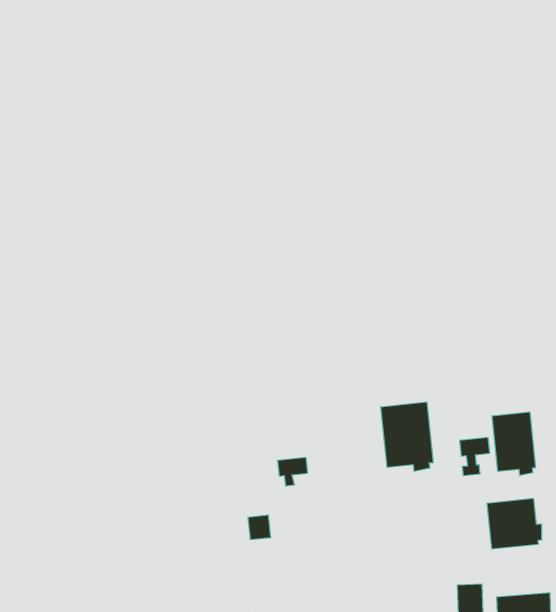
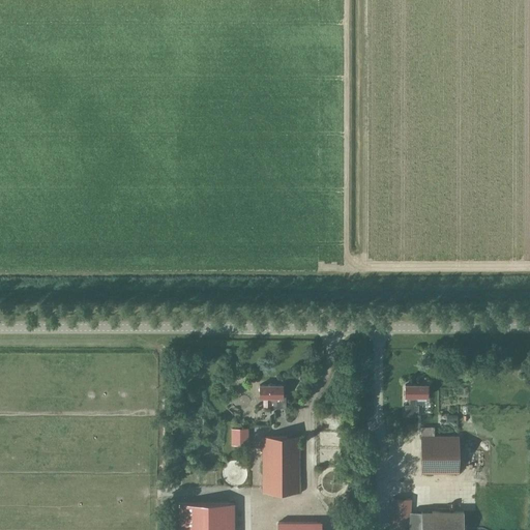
building: [381,402,433,472] -> none
building: [492,412,535,476] -> none
building: none -> [264,438,300,494]

